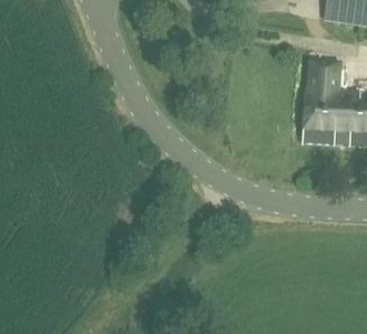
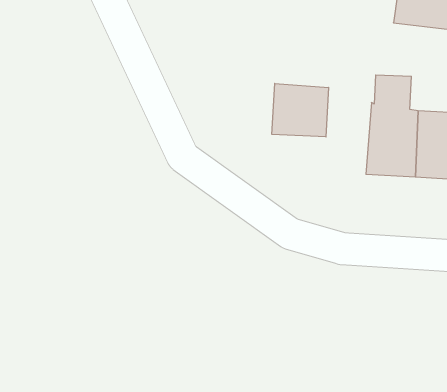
building: none -> [272,83,329,137]

